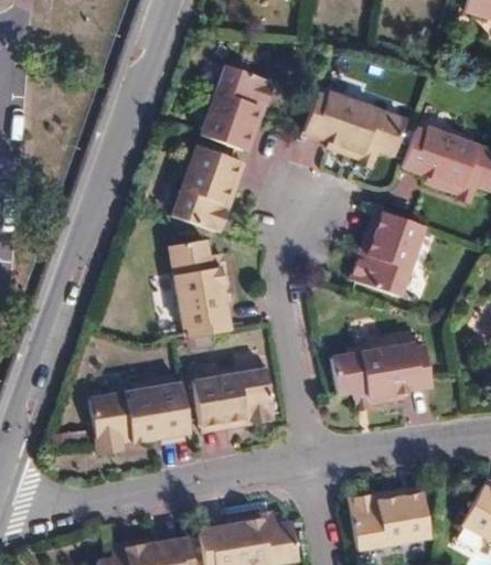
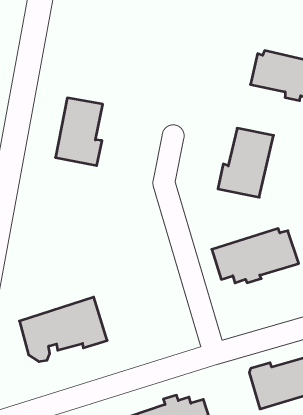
building: [194,60,267,146] -> none
building: [305,97,406,164] -> none
building: [173,241,232,338] -> none
building: [194,371,273,425] -> none

